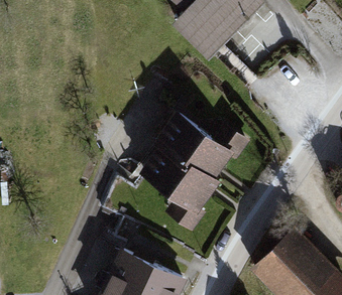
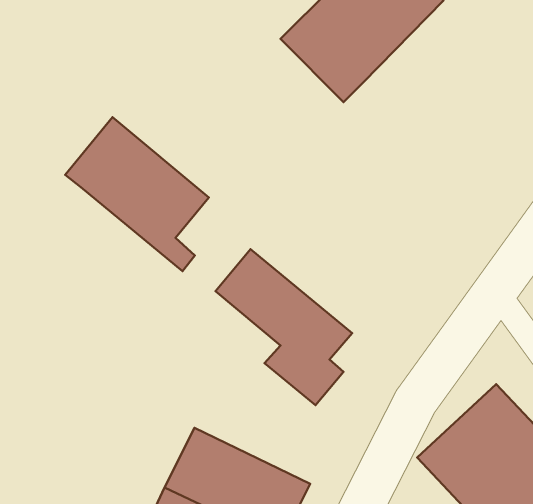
building: [145,106,228,194] -> [65,117,209,271]

